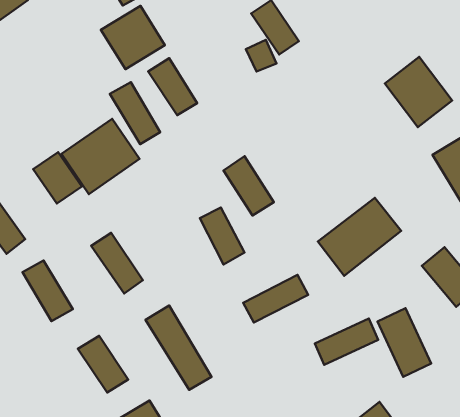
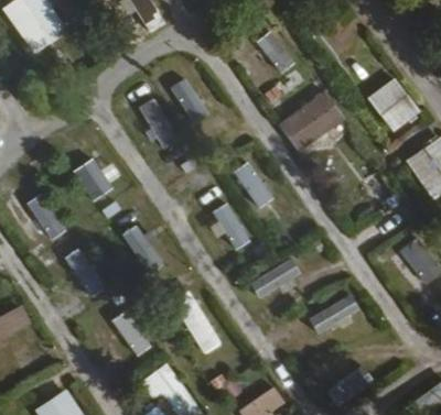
building: [101,6,165,69] -> none
building: [61,119,140,194] -> none
building: [318,198,401,276] -> [277,88,346,153]
building: [378,308,431,377] -> none

